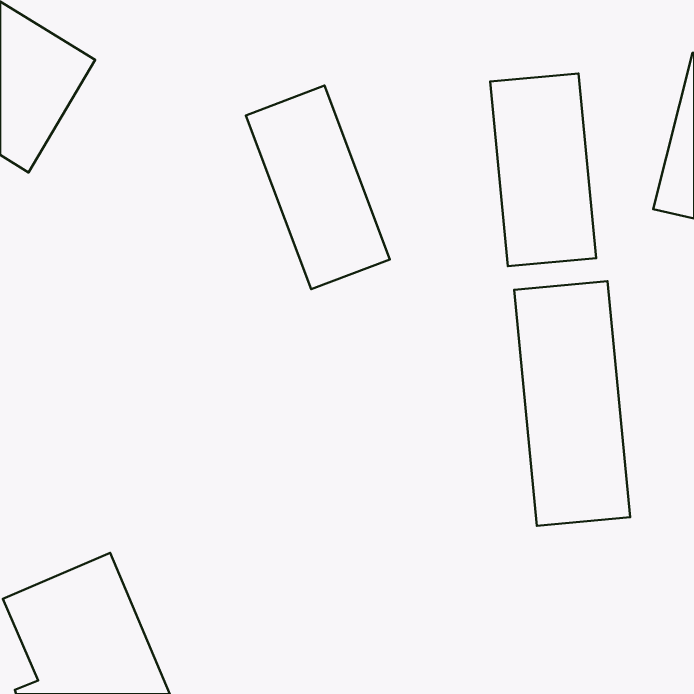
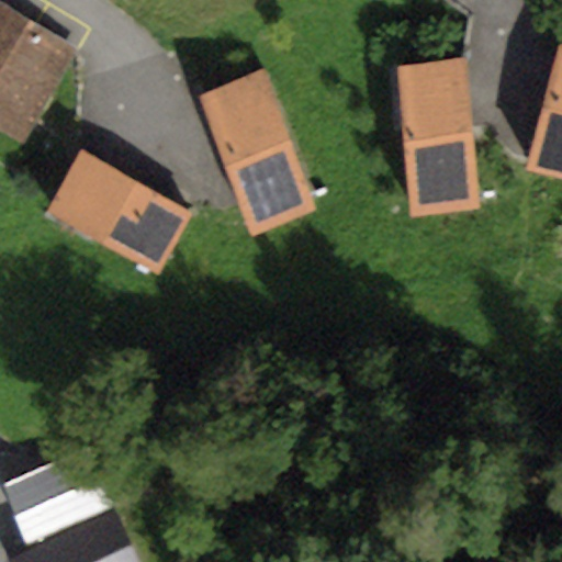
building: none -> [45,151,192,273]
building: [514,281,630,526] -> none

